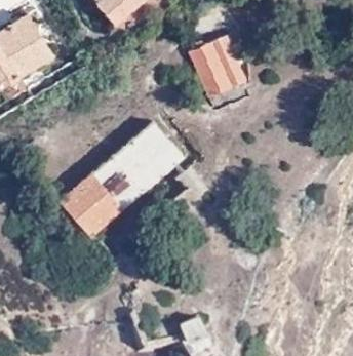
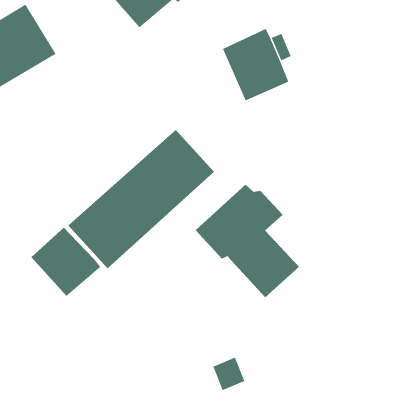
building: none -> [195,184,300,298]
building: none -> [30,227,101,297]

